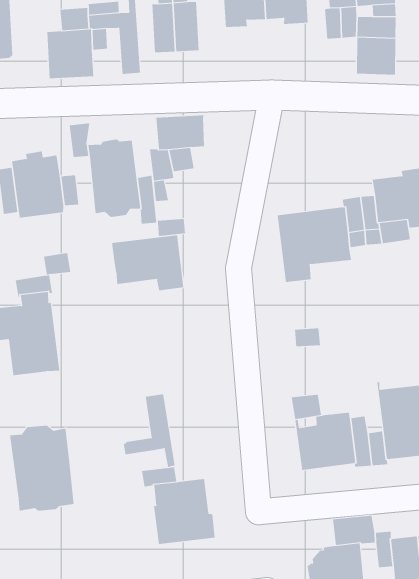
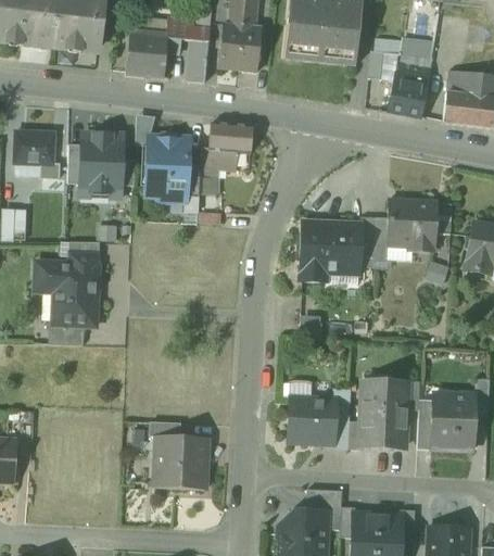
building: [111,234,184,291] -> none
building: none -> [48,321,84,344]
building: [123,394,175,468] -> none
building: [9,425,74,511] -> none

